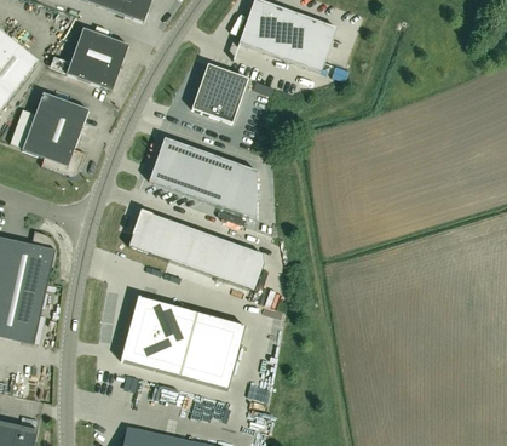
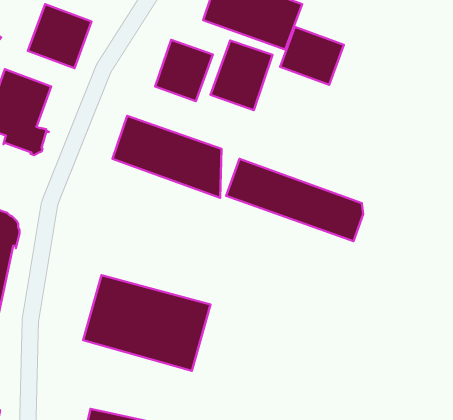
building: none -> [280,27,344,85]
building: none -> [211,40,273,110]
building: [128,208,264,290] -> [226,159,363,241]

